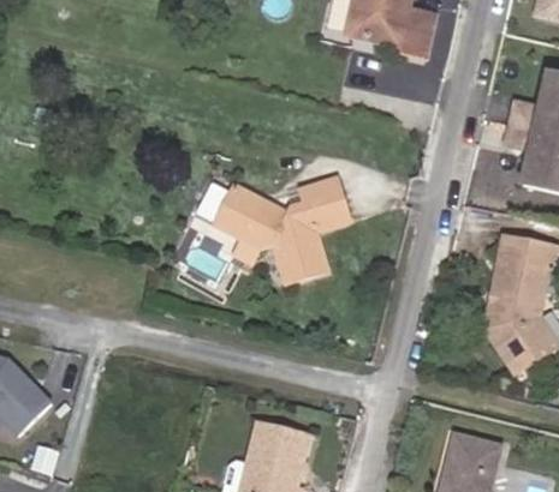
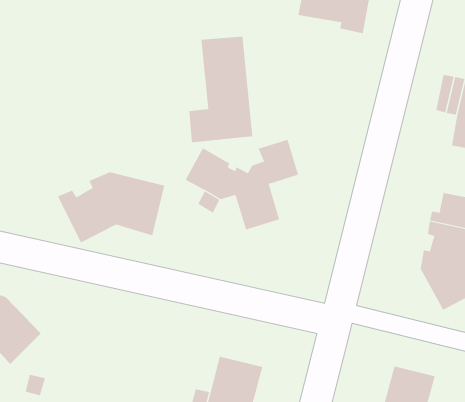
building: none -> [189,36,253,143]
building: none -> [57,172,165,243]

